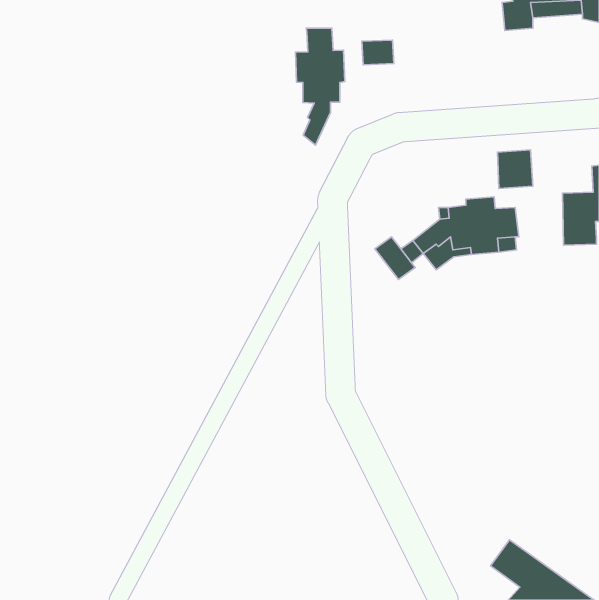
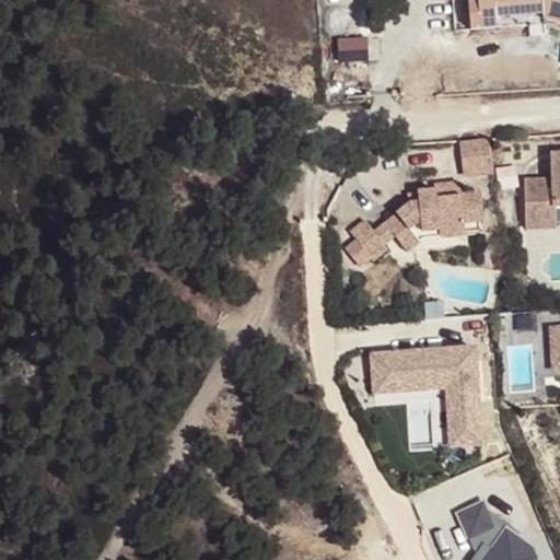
building: [295,28,345,145] -> none
building: none -> [372,346,492,444]

